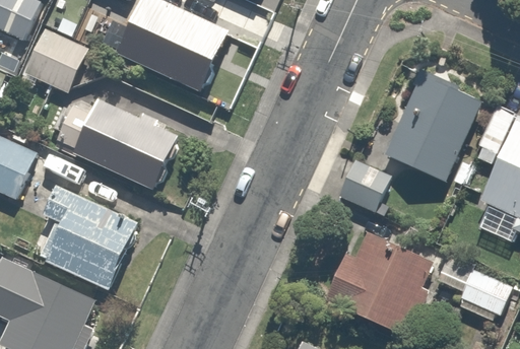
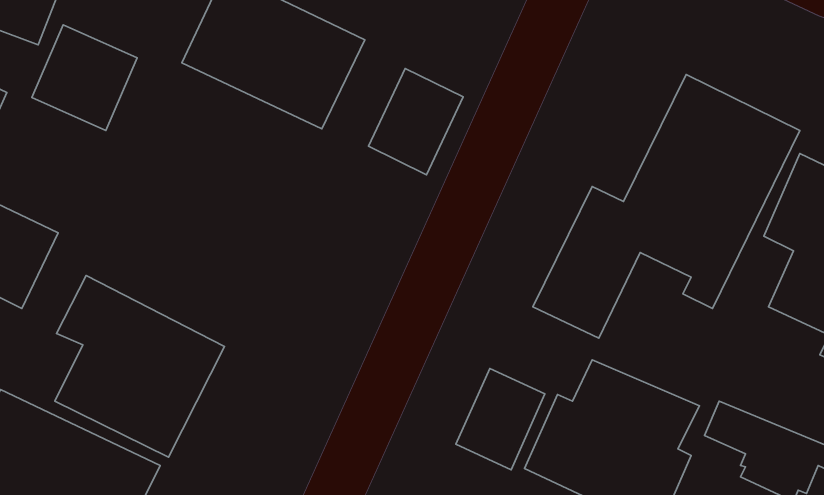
building: none -> [369,69,463,175]
building: [56,94,182,190] -> none
building: none -> [456,368,545,470]

